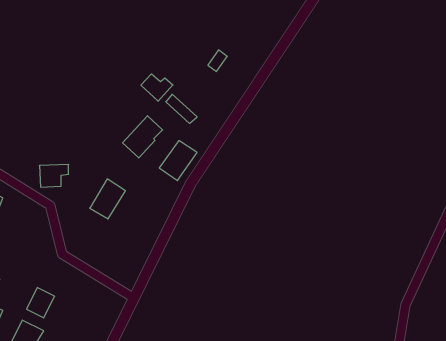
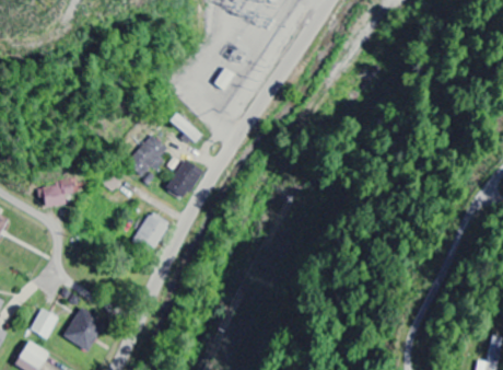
building: [141,74,173,101] -> none
building: [90,179,125,219] -> [133,211,169,252]
building: none -> [62,308,105,351]

